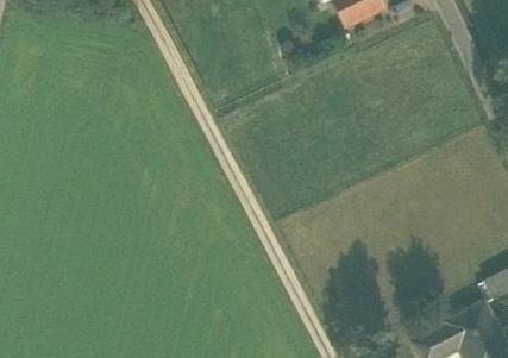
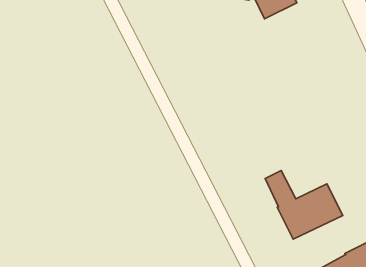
building: none -> [265,170,343,239]

